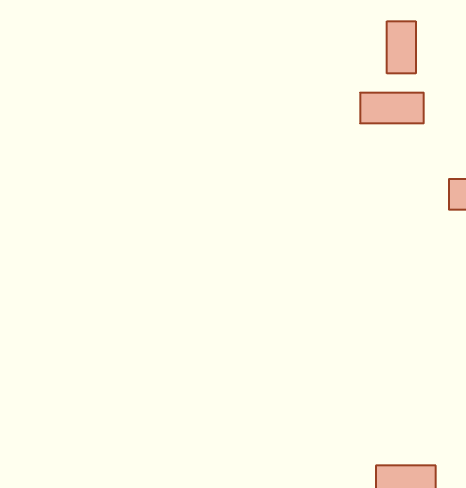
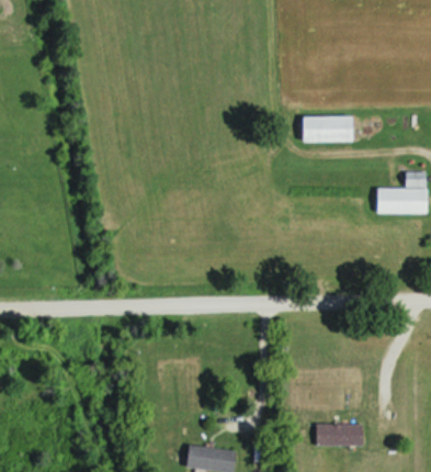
building: [387,21,416,73] -> none

